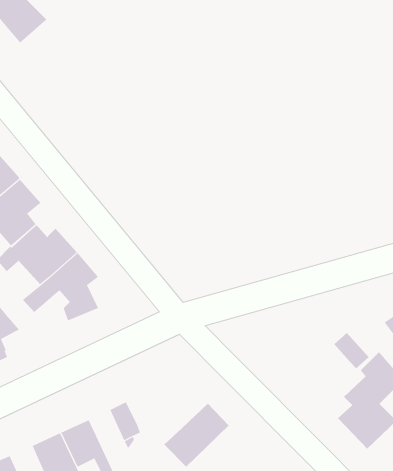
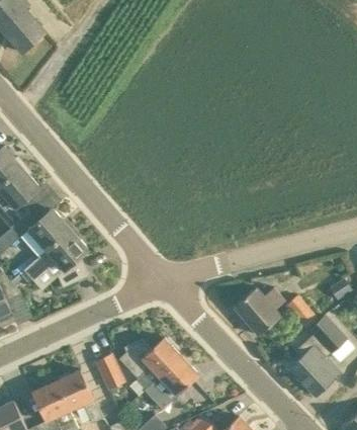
building: none -> [234,287,285,336]
building: none -> [118,338,180,378]

